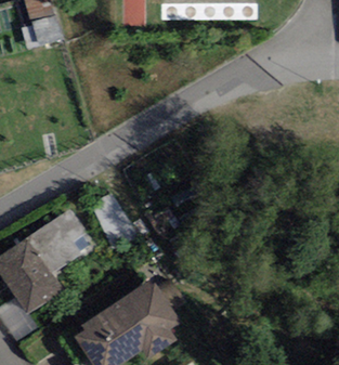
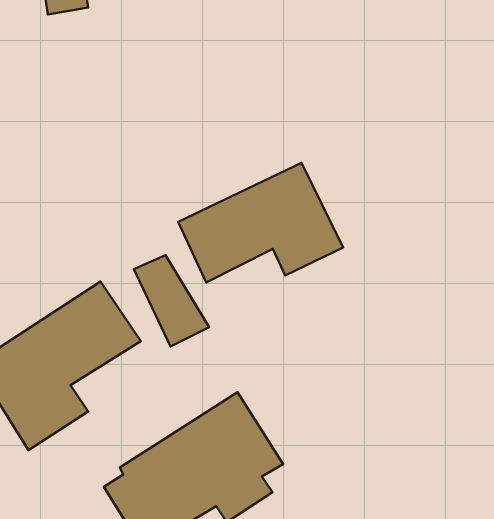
building: none -> [178,163,343,282]

